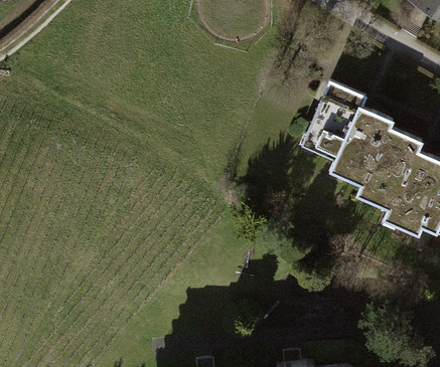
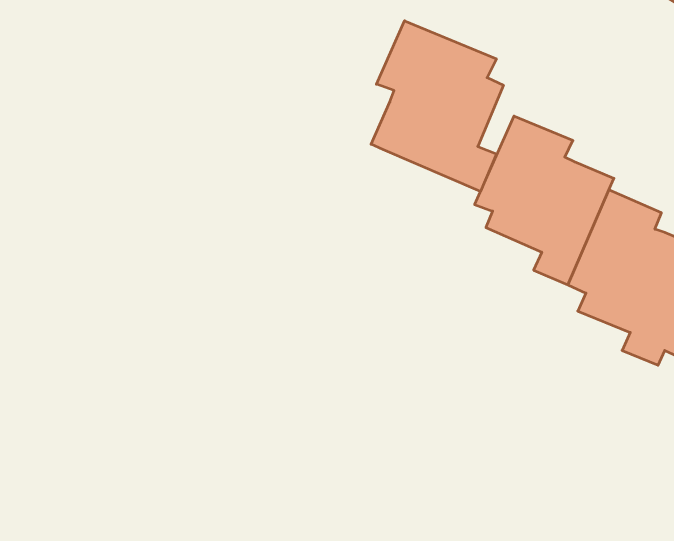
building: none -> [371,21,503,191]

